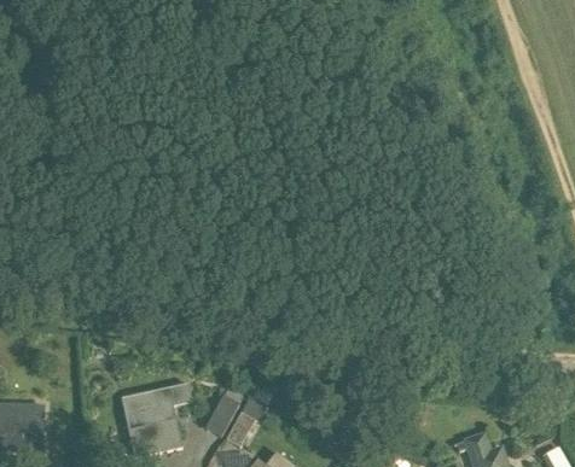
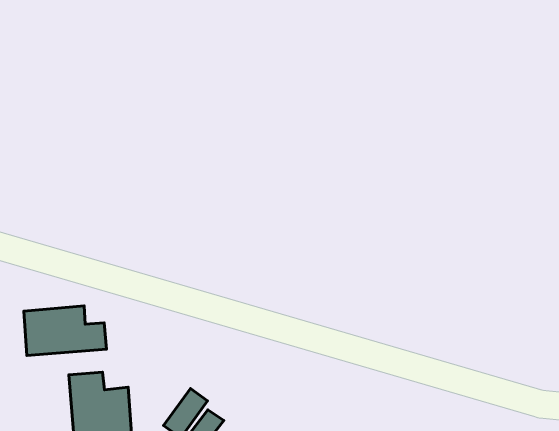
building: none -> [24,306,107,356]

